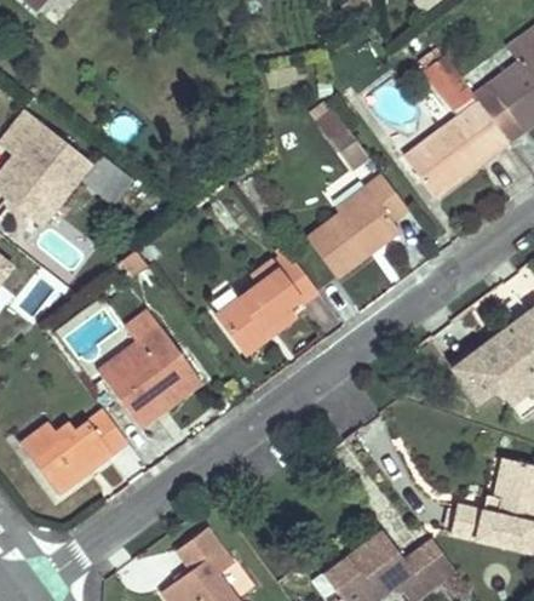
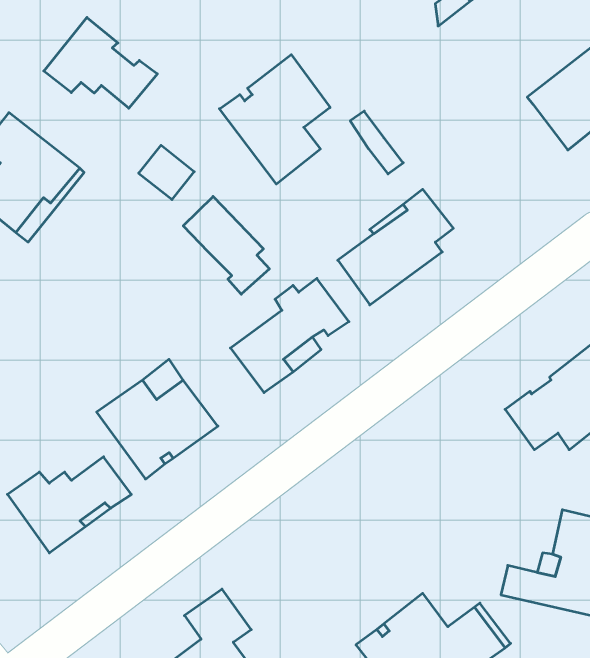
building: none -> [44,17,157,108]
building: [401,56,507,200] -> none
building: none -> [219,55,330,184]
building: [82,156,131,204] -> [139,145,194,200]
building: none -> [183,196,269,294]

